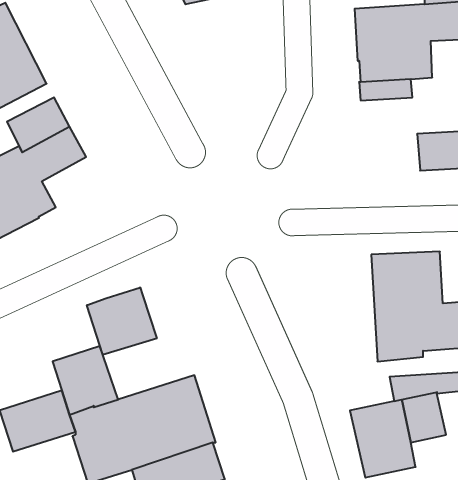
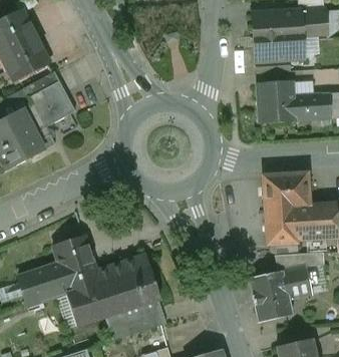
building: none -> [257,80,295,123]
building: [87,287,157,355] -> none

